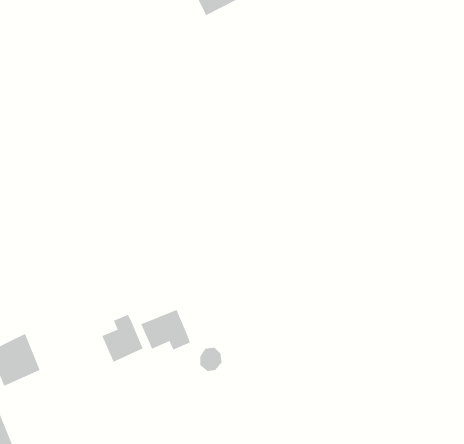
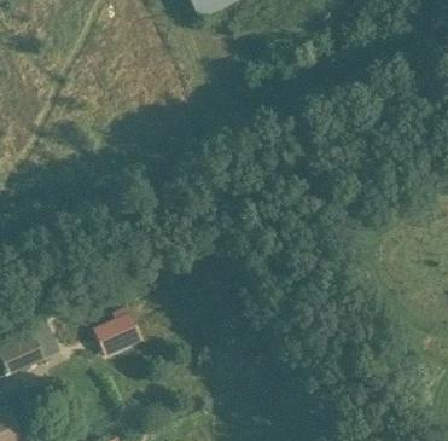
building: [141,309,191,351] -> none

